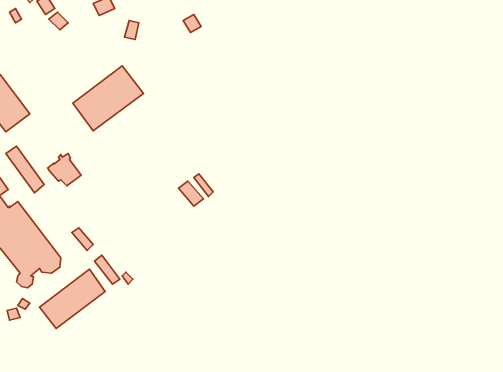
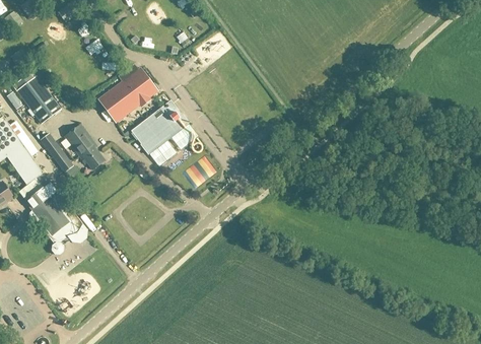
building: none -> [131,100,198,166]
building: none -> [63,124,93,153]
building: [40,269,105,328] -> none

